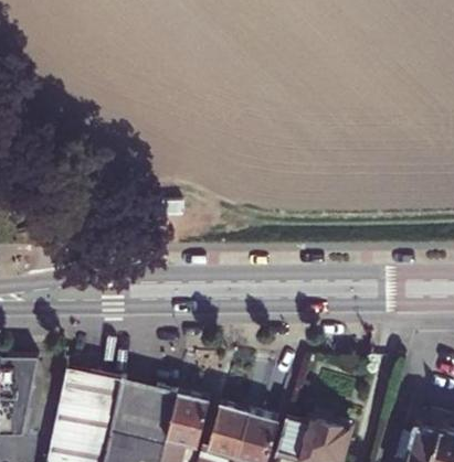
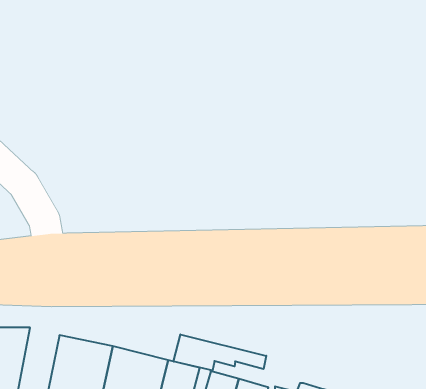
building: none -> [174,334,266,371]

